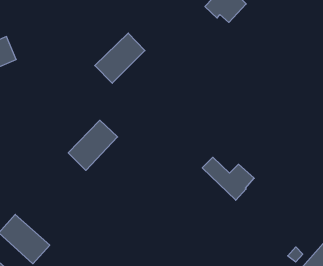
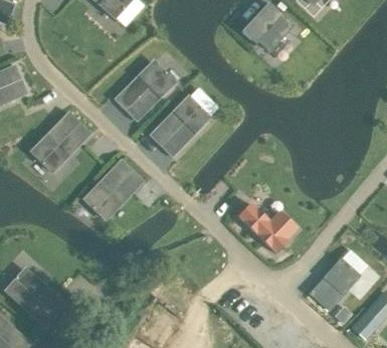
building: none -> [151,97,208,155]
building: none -> [32,113,89,170]
building: none -> [312,259,360,310]

